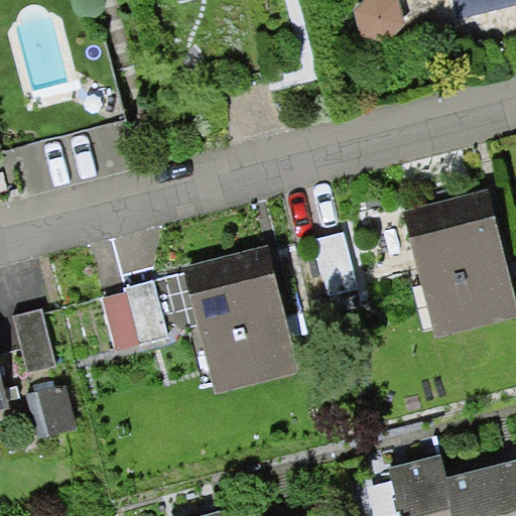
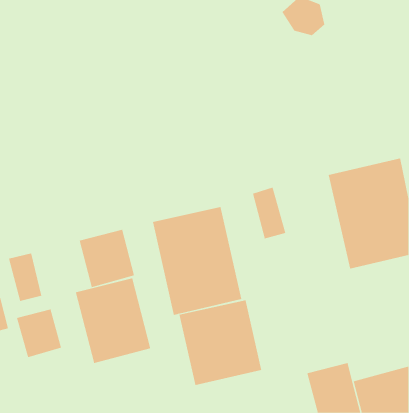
building: none -> [75,277,151,364]
building: none -> [179,299,262,386]

